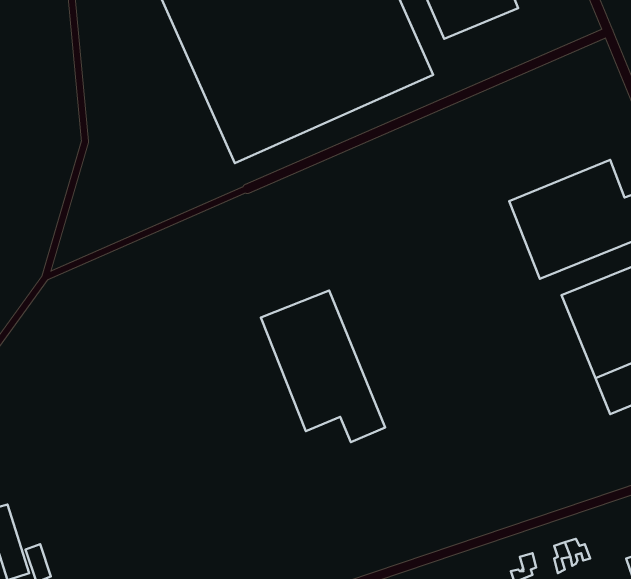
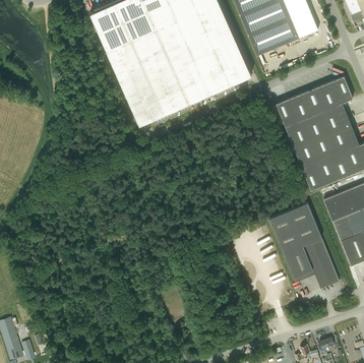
building: none -> [277,76,353,146]
building: [261,290,385,442] -> [269,203,340,289]

